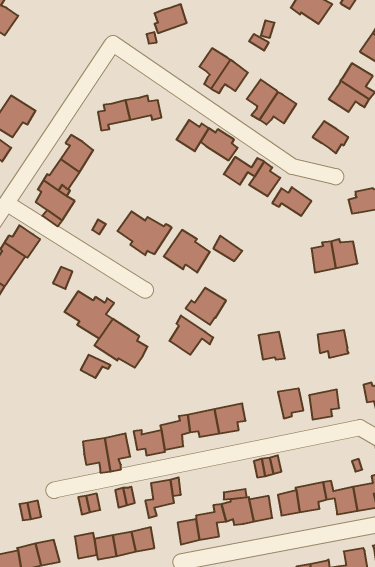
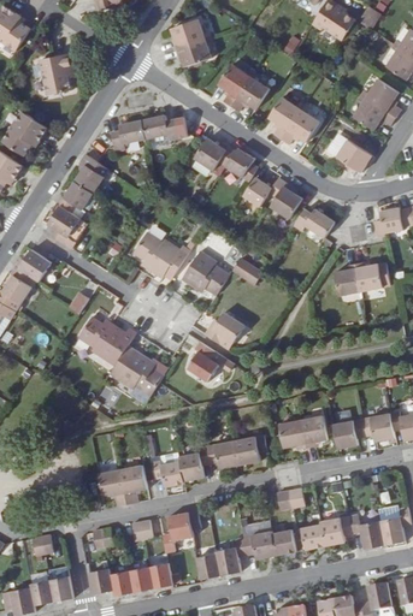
building: none -> [175,37,211,66]
building: none -> [40,54,72,96]
building: [318,330,349,358] -> [361,414,394,443]
building: [258,332,285,360] -> [278,421,306,450]

